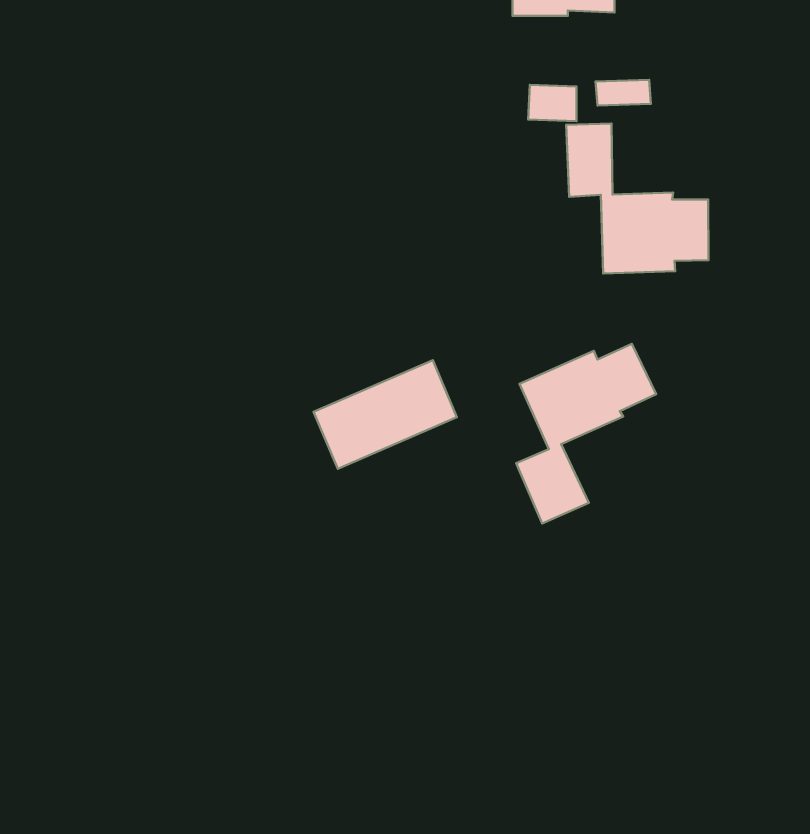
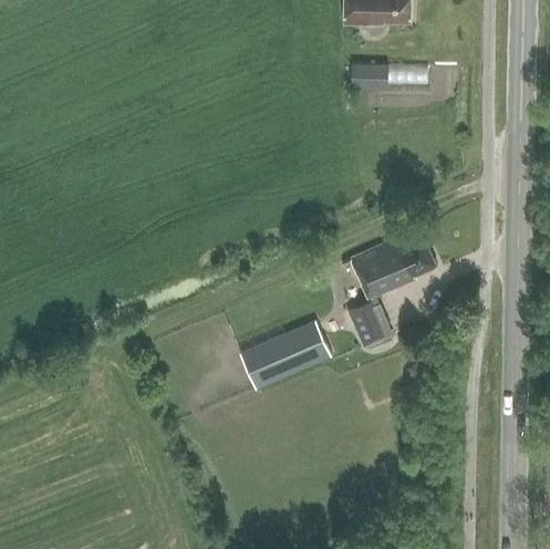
building: [566,124,708,273] -> none
building: [313,360,457,469] -> [239,320,331,390]

